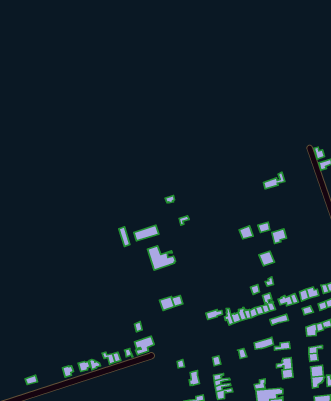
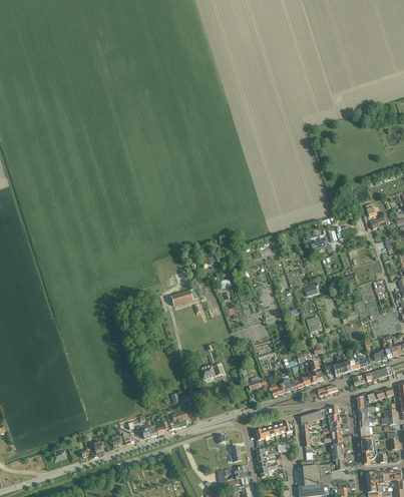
building: [148,246,176,270] -> none

